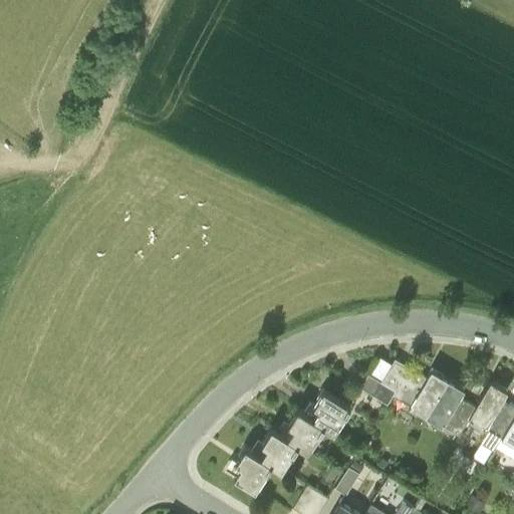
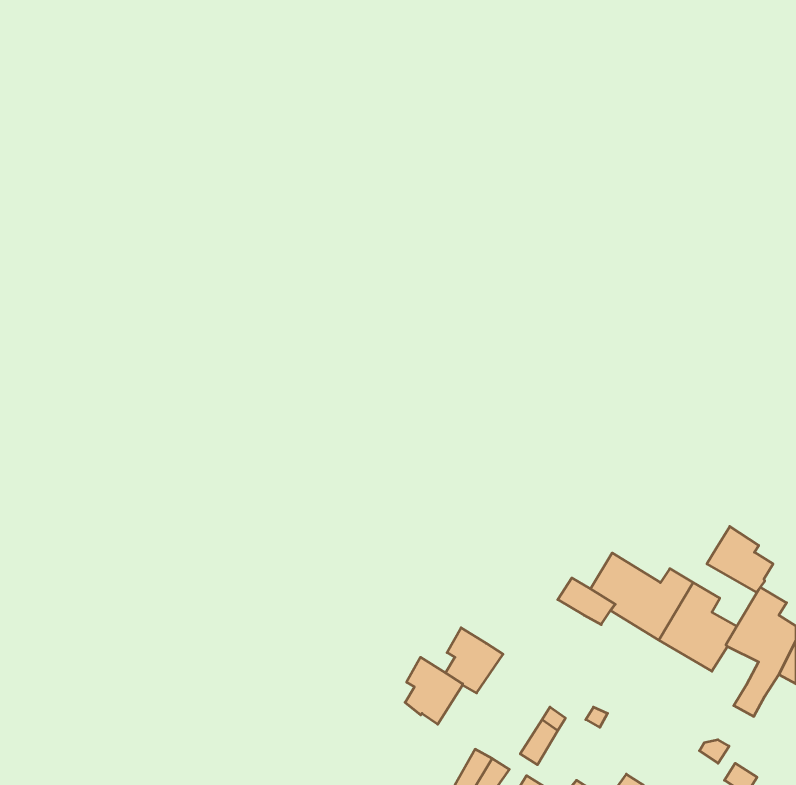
building: none -> [707,526,773,592]
building: [313,393,350,435] -> none
building: [234,450,271,493] -> none

